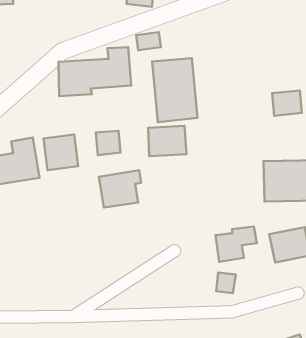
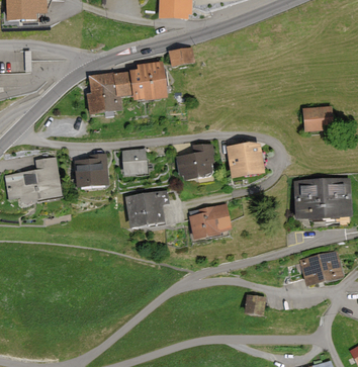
building: [152,58,197,122] -> none
building: none -> [228,143,264,177]
building: [215,226,257,262] -> [181,205,223,242]

